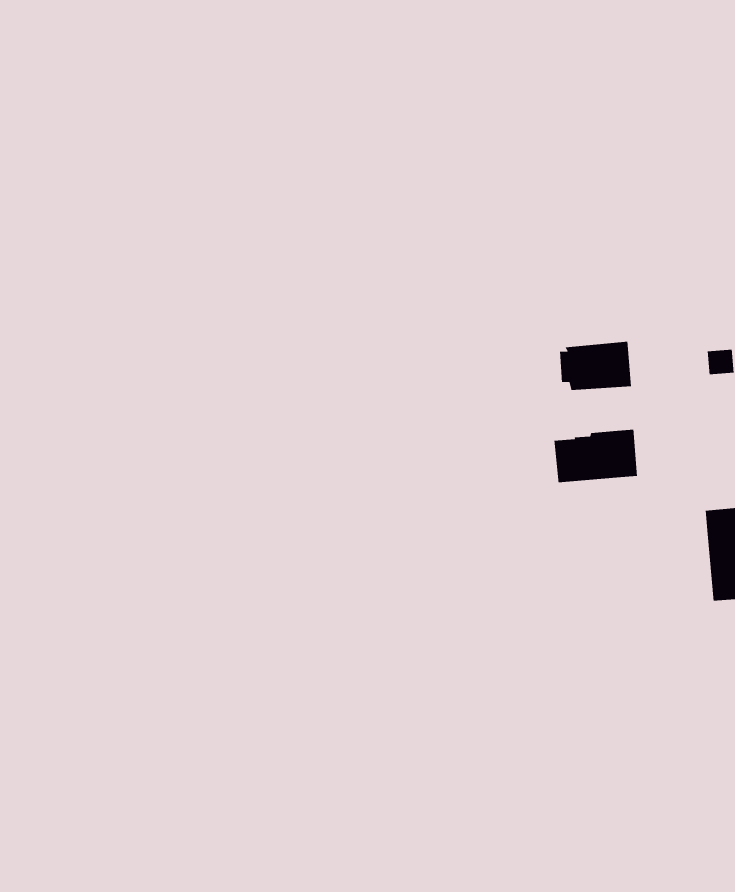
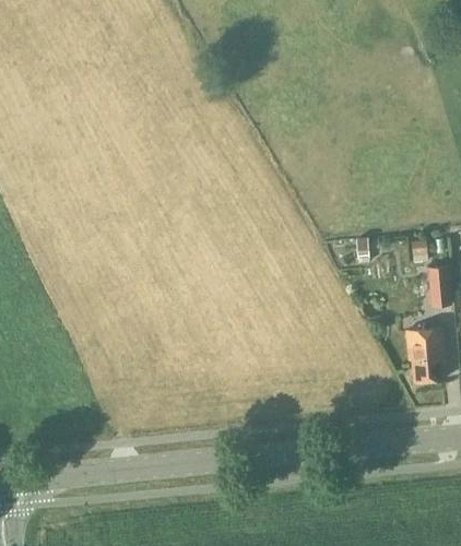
building: [554,429,637,483] -> none

